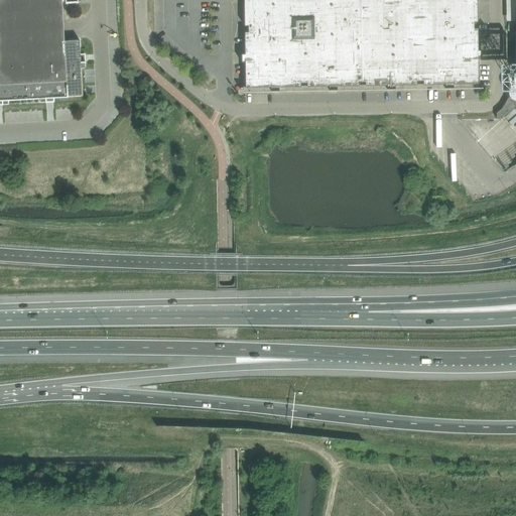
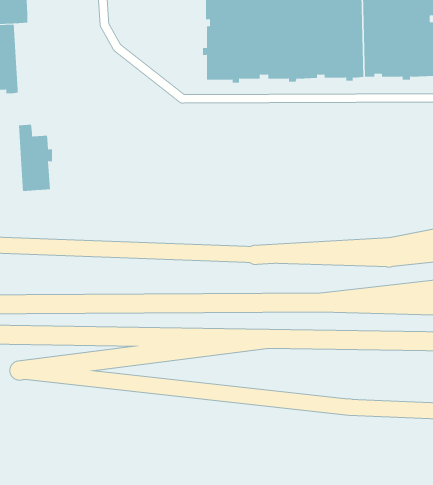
building: [48,26,85,95] -> [18,124,54,191]

